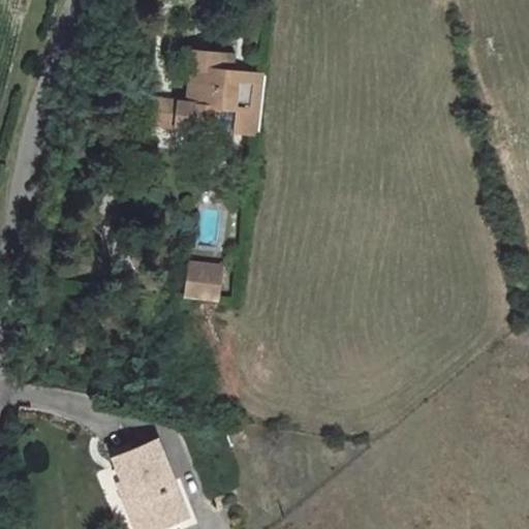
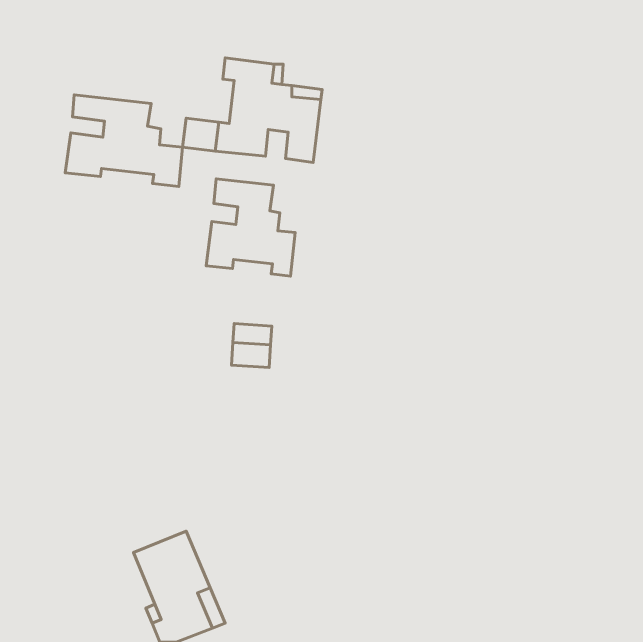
building: none -> [65,95,182,186]
building: none -> [206,179,295,276]

